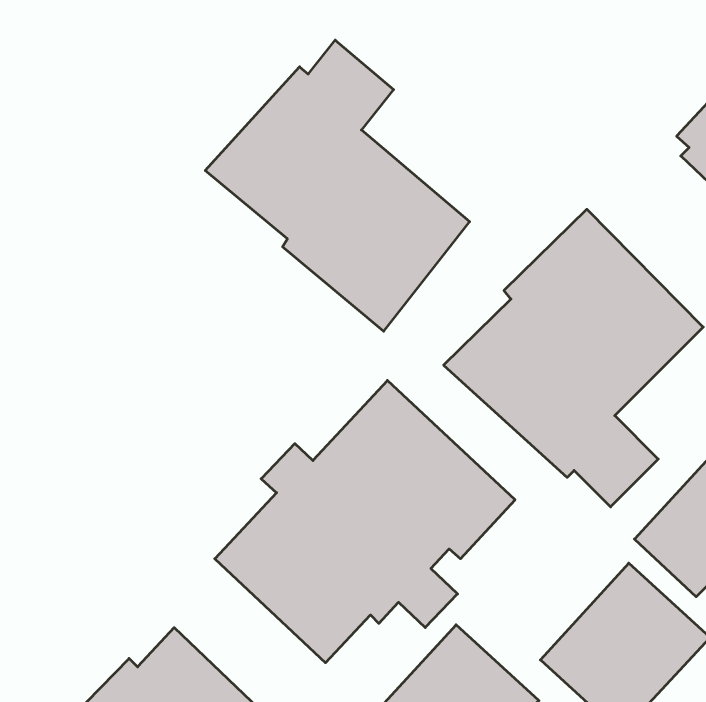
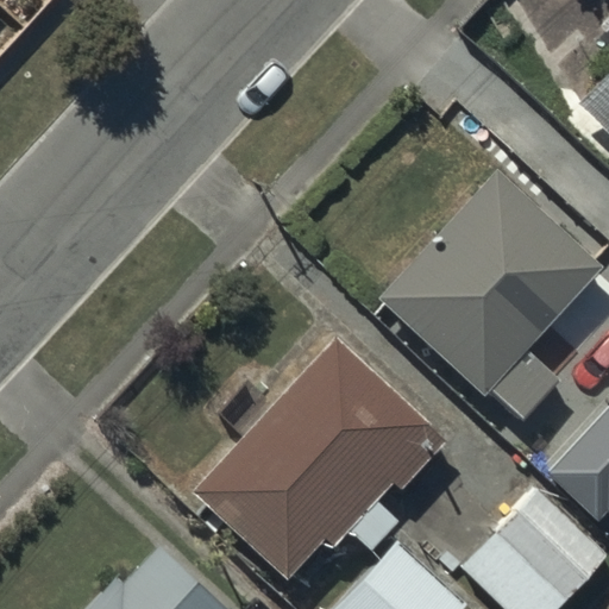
building: [205,40,470,331] -> none

